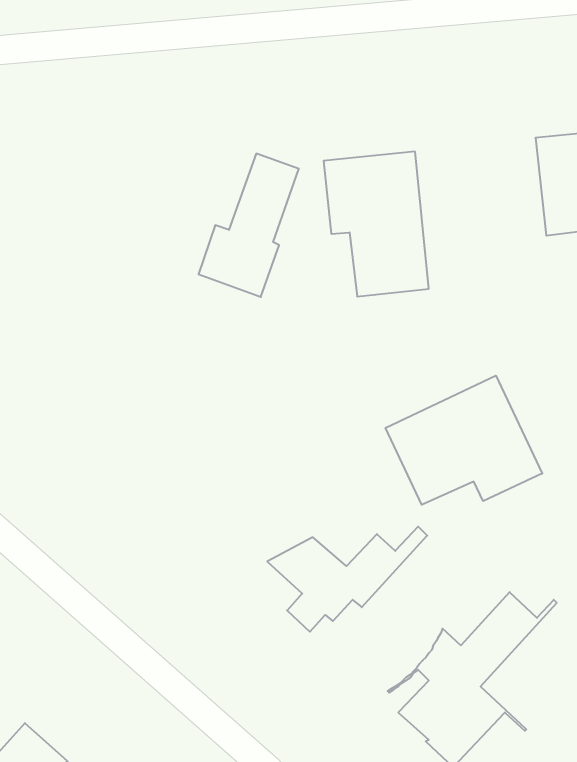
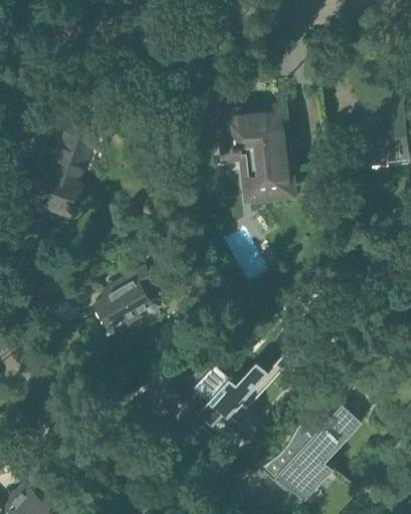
building: [198,154,299,297] -> [30,124,96,219]
building: [386,376,542,505] -> none
building: none -> [94,266,154,330]

